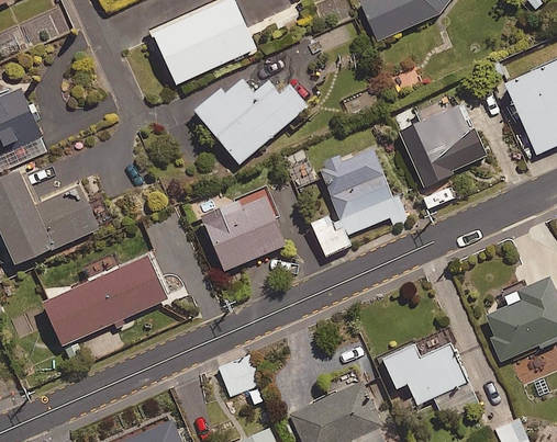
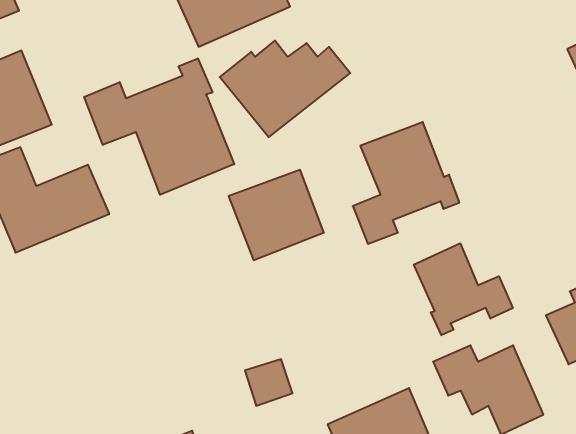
building: none -> [84,58,234,195]
building: [399,104,488,186] -> none
building: [42,254,167,345] -> none
building: none -> [414,243,513,335]

